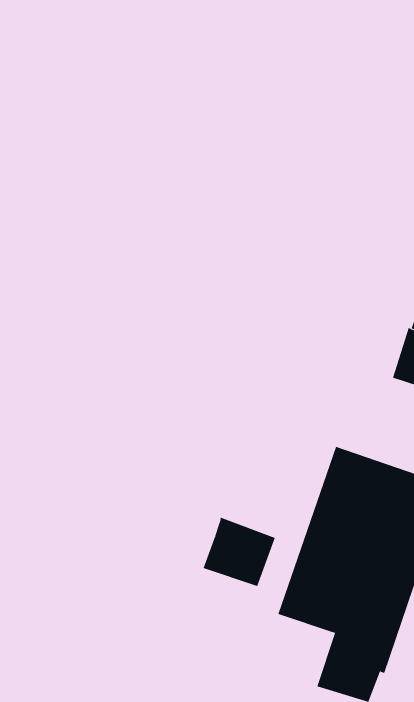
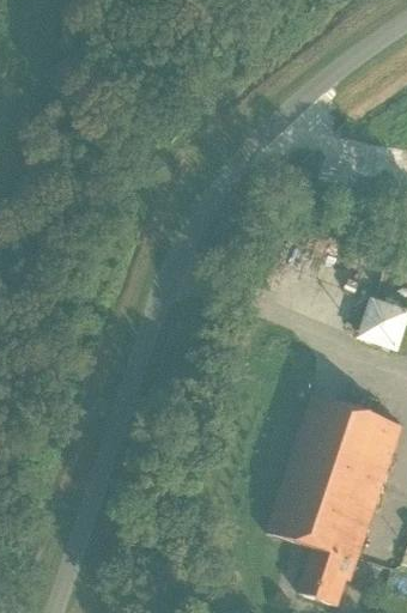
building: [203,517,276,587] -> none

